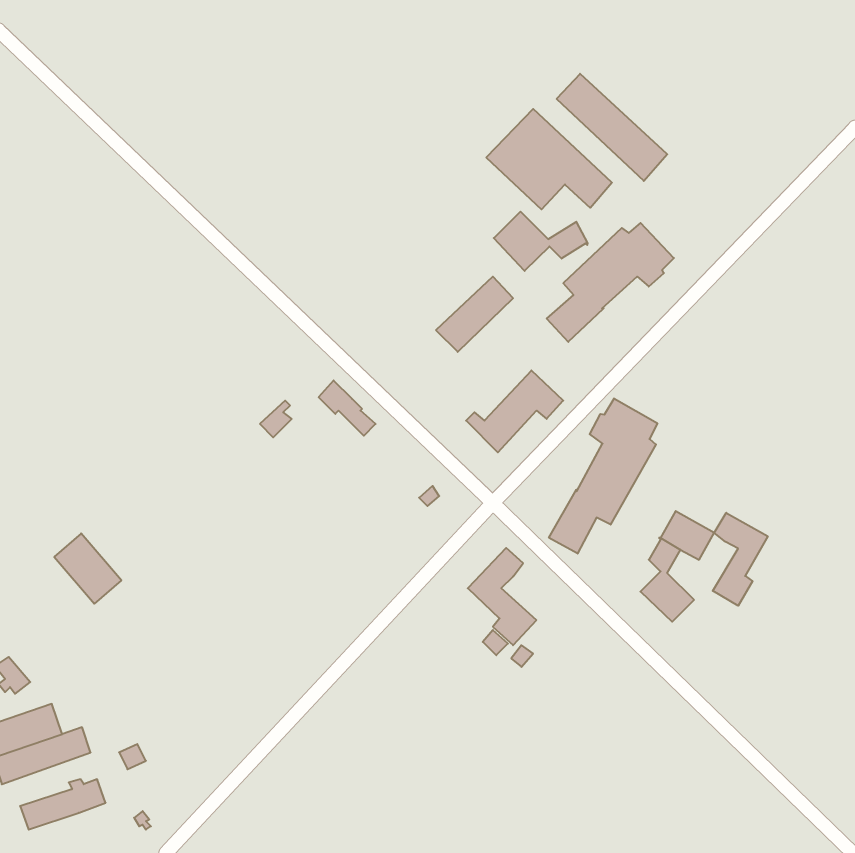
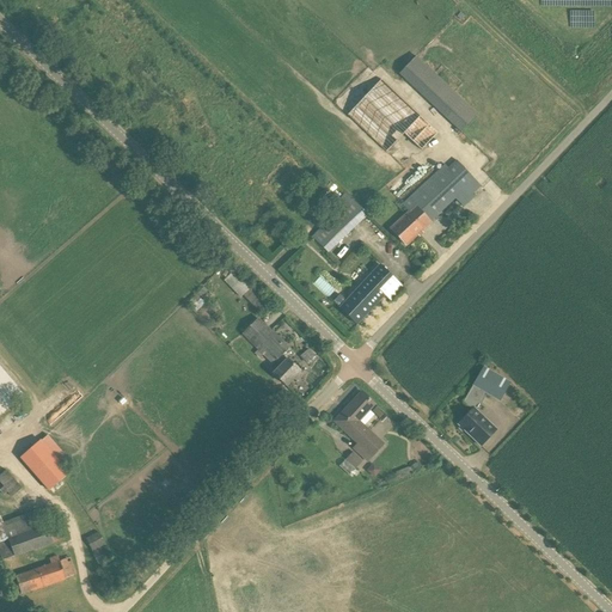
building: [494,212,587,271] -> none
building: [549,398,657,554] -> none
building: none -> [241,317,299,384]
building: [713,513,768,606] -> none
building: [54,533,121,604] -> [20,439,68,489]

